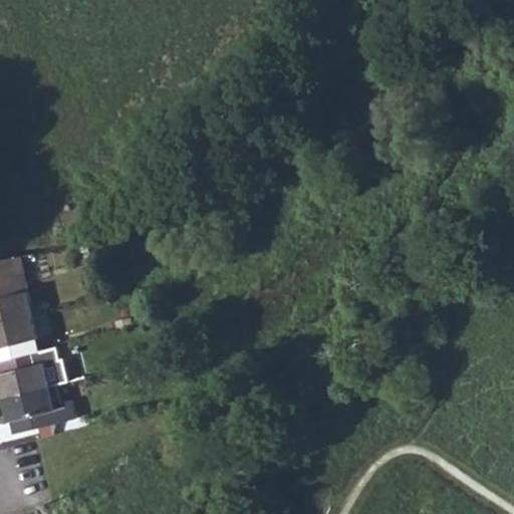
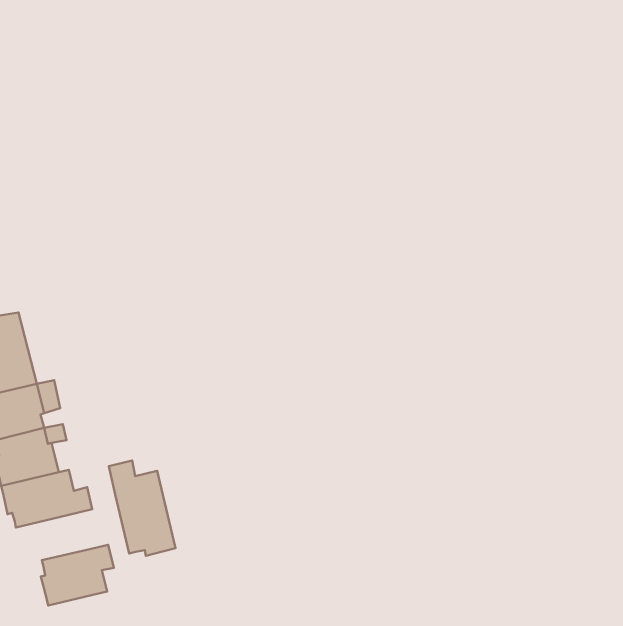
building: none -> [109,460,175,556]
building: none -> [41,545,114,606]

